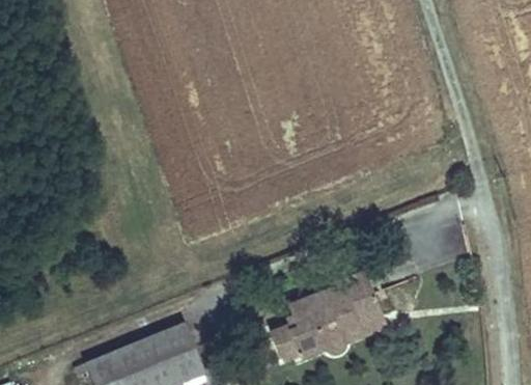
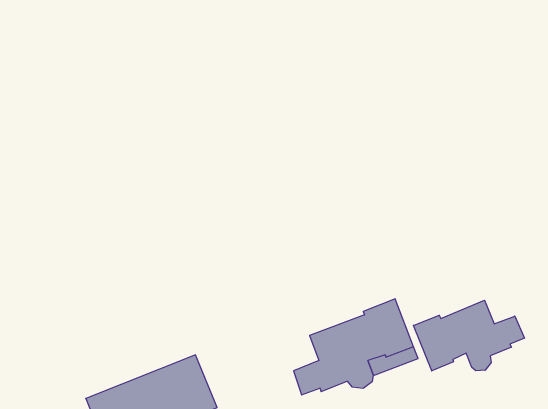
building: none -> [413,300,525,371]

